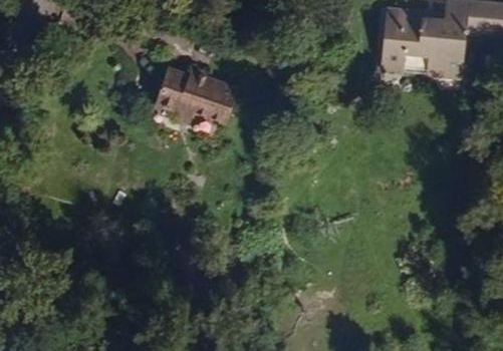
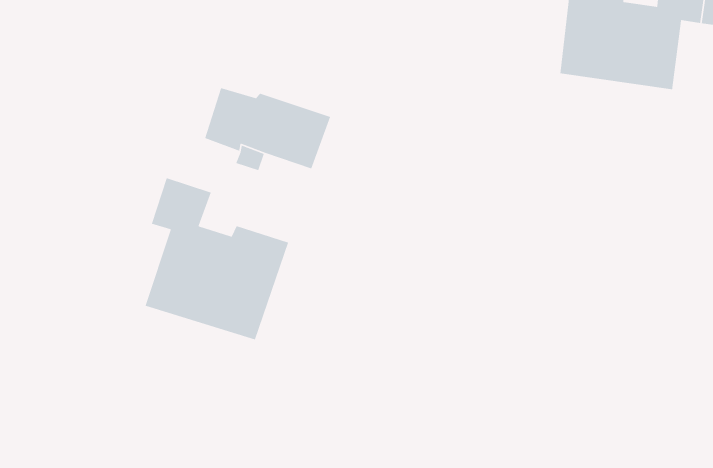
building: none -> [145,177,289,341]

